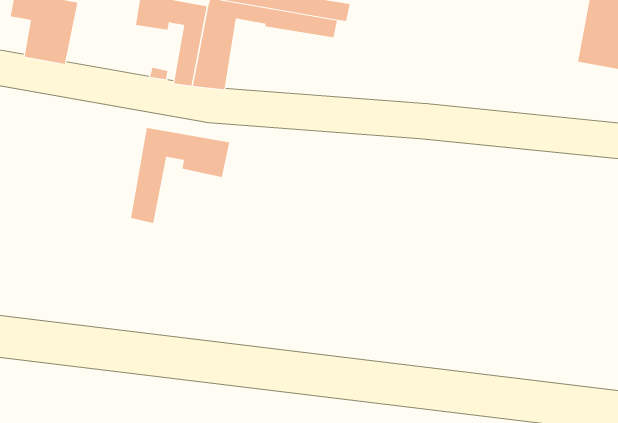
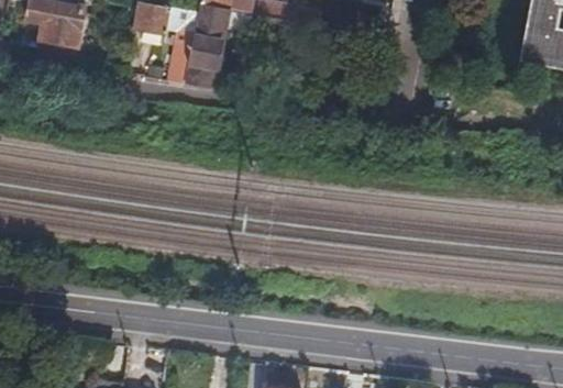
building: [130,127,230,224] -> none

